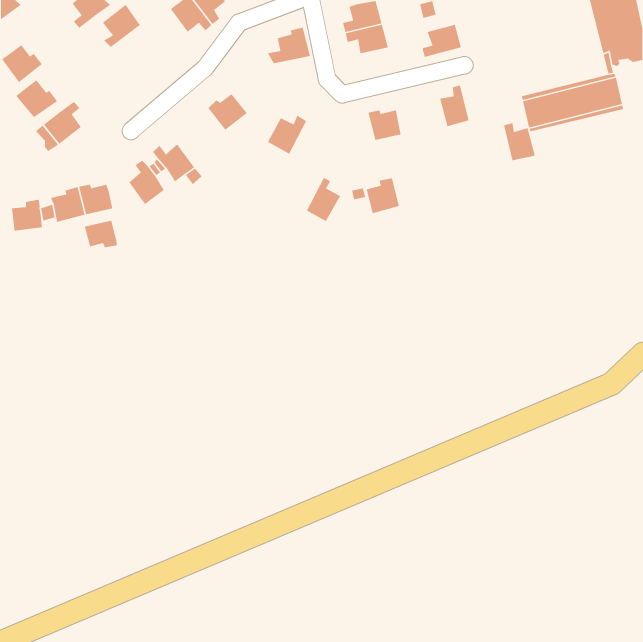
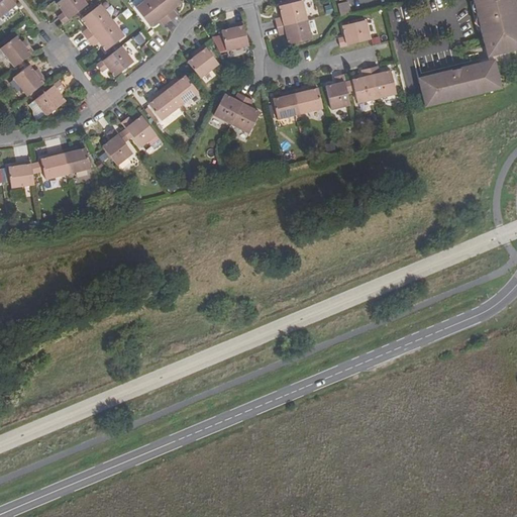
building: none -> [89,20,124,49]
building: none -> [188,44,219,78]
building: none -> [97,45,134,76]
building: none -> [326,74,350,108]
building: none -> [150,87,181,119]
building: [503,122,536,161] -> [370,66,396,97]
building: [306,177,341,222] -> [232,97,261,133]
building: [366,178,400,214] -> [274,90,301,119]
building: [84,220,118,248] -> none

